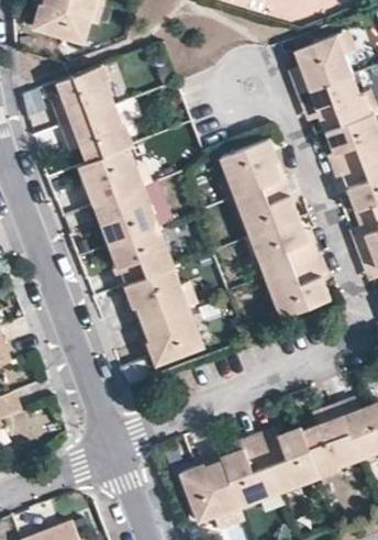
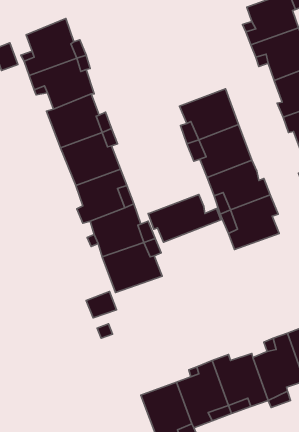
building: none -> [148,195,221,242]

